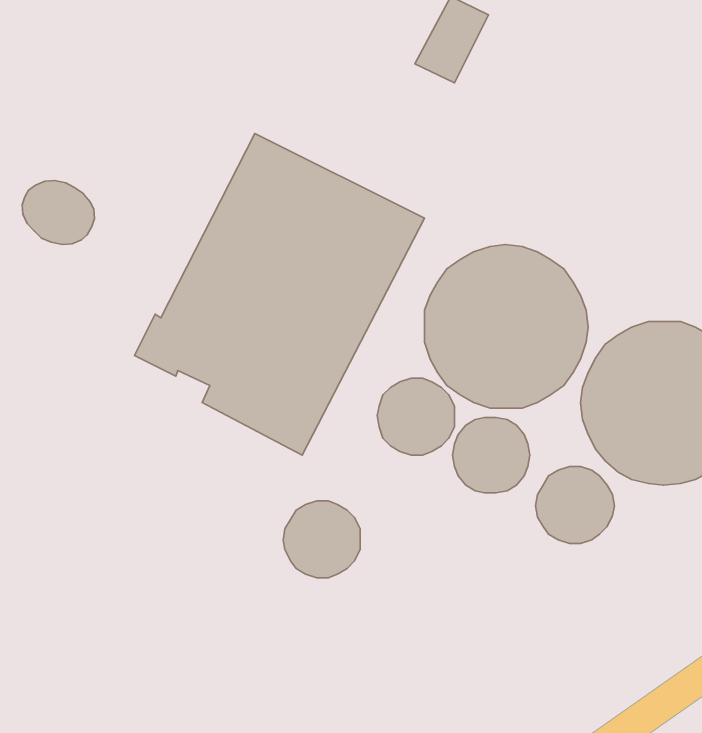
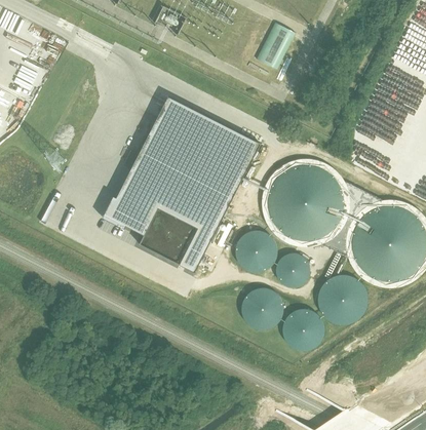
building: [22,181,95,244] -> none
building: [283,501,360,578] -> [239,287,281,329]
building: none -> [281,308,323,350]

